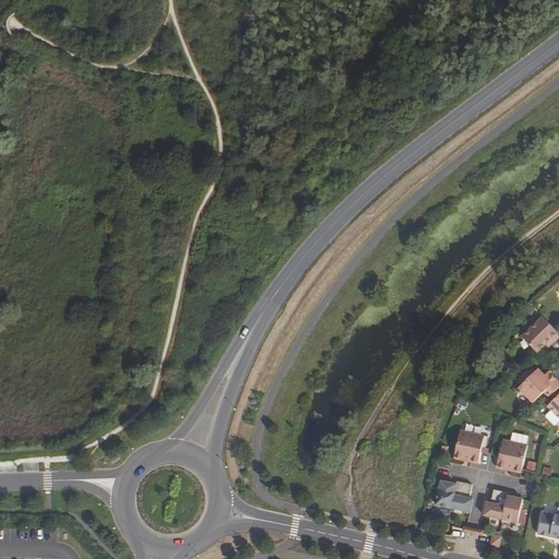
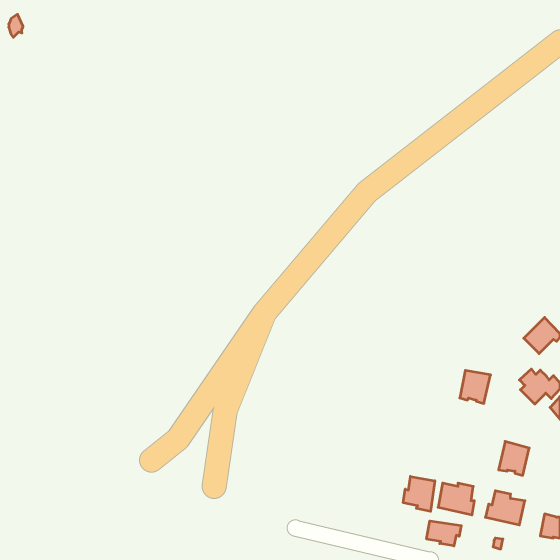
building: [453,430,484,463] -> [460,370,491,403]
building: none -> [403,476,435,511]
building: none -> [427,521,461,546]

